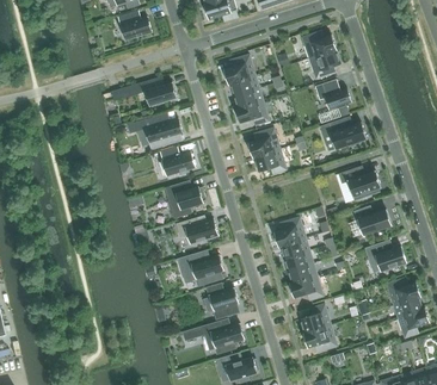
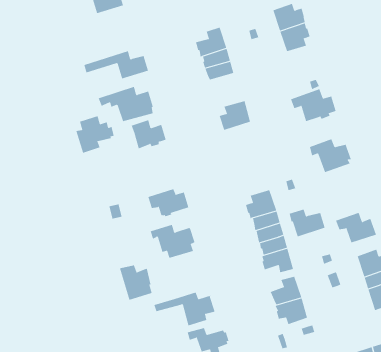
building: [314,80,351,108] -> none
building: [234,100,269,125] -> none
building: [253,149,287,174] -> none
building: [166,180,205,218] -> [75,116,115,154]
building: [353,206,390,235] -> [289,209,326,237]
building: [205,284,239,319] -> [119,265,152,300]

